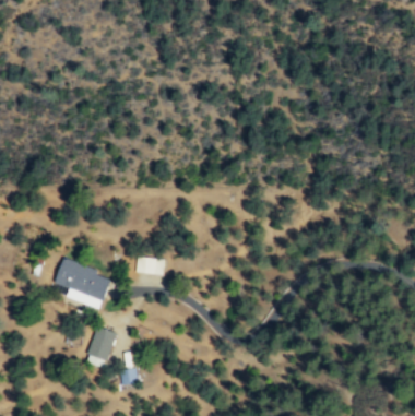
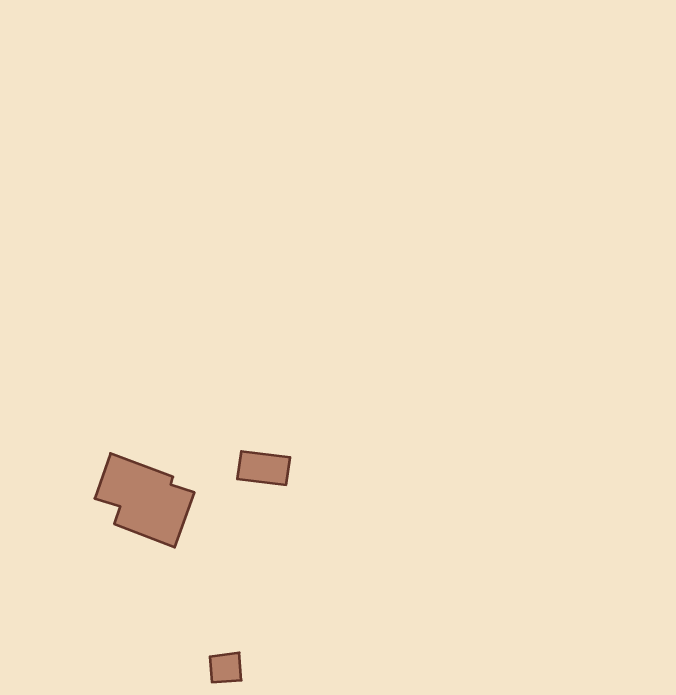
building: [90,326,116,360] -> none

